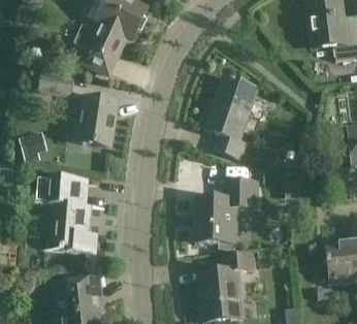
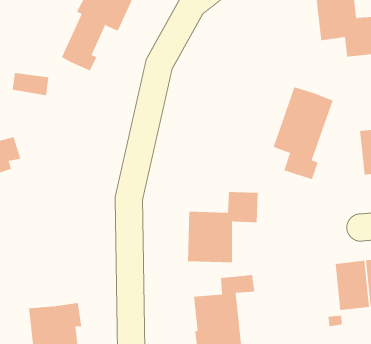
building: [204,74,258,157] -> [273,87,334,180]
building: [77,95,117,145] -> none
building: [34,175,90,251] -> none

